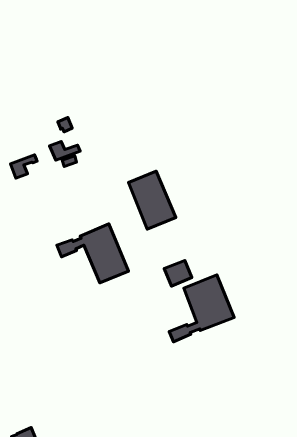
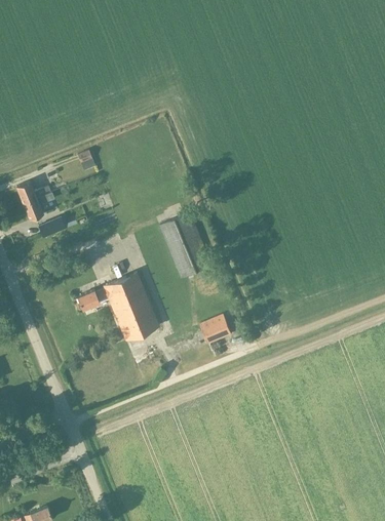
building: [50,141,80,160] -> [16,183,51,204]
building: [169,275,234,342] -> none

